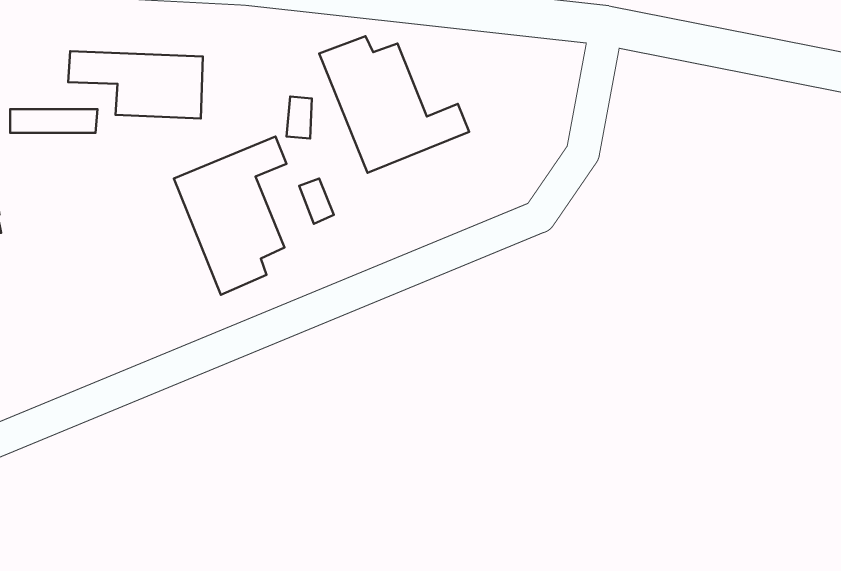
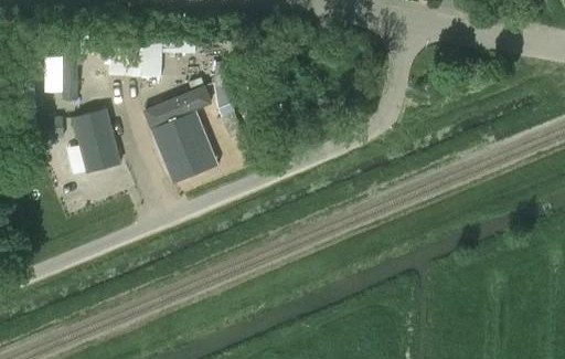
building: [319,36,469,173] -> none
building: none -> [74,106,124,172]

